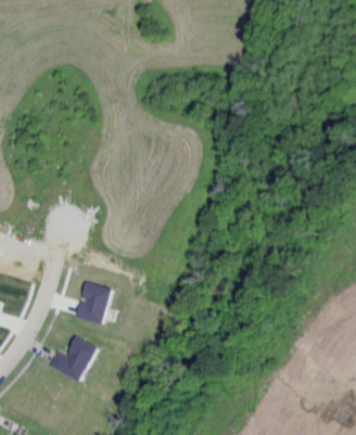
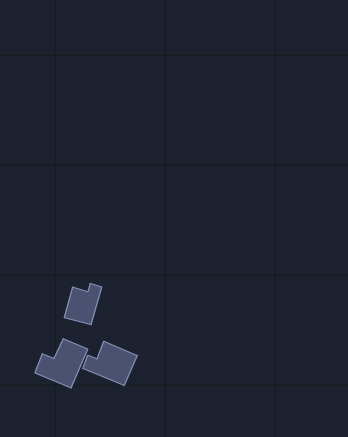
building: none -> [83,341,137,386]

